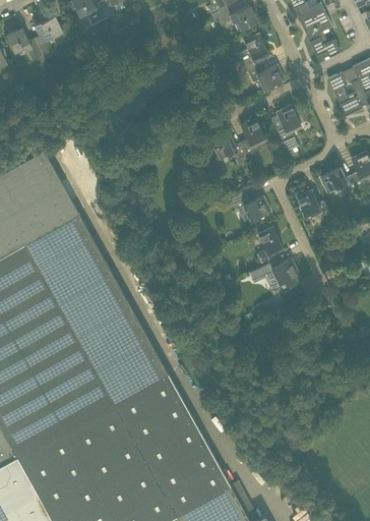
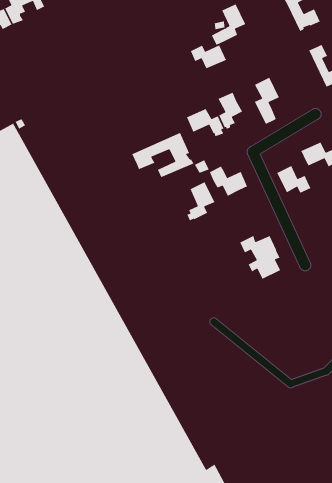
building: [247,64,284,89] -> [190,44,228,70]
building: none -> [131,132,194,178]
building: [253,227,282,266] -> [186,182,216,222]

